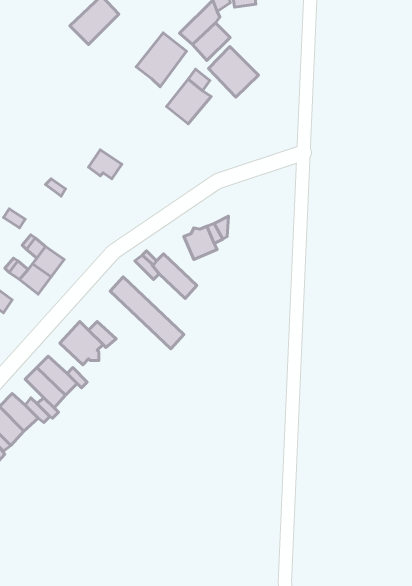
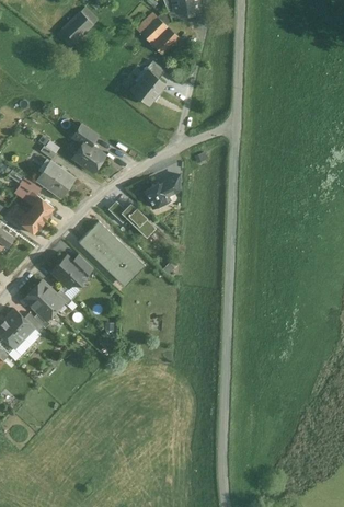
building: [136,33,187,87] -> none
building: [209,47,259,97] -> none
building: none -> [76,141,104,172]
building: none -> [36,160,74,197]
building: none -> [78,231,135,286]

